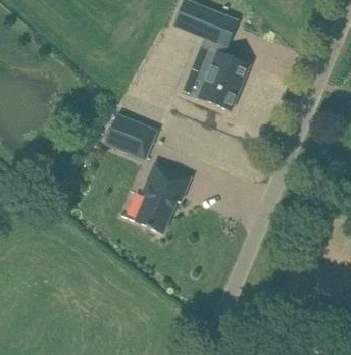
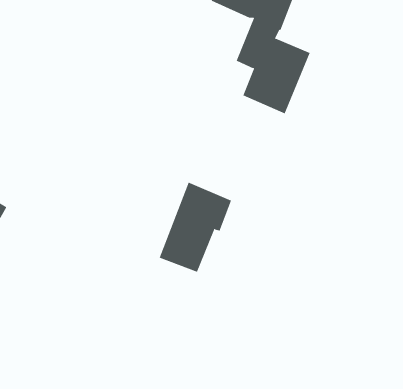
building: [105,113,156,158] -> none

